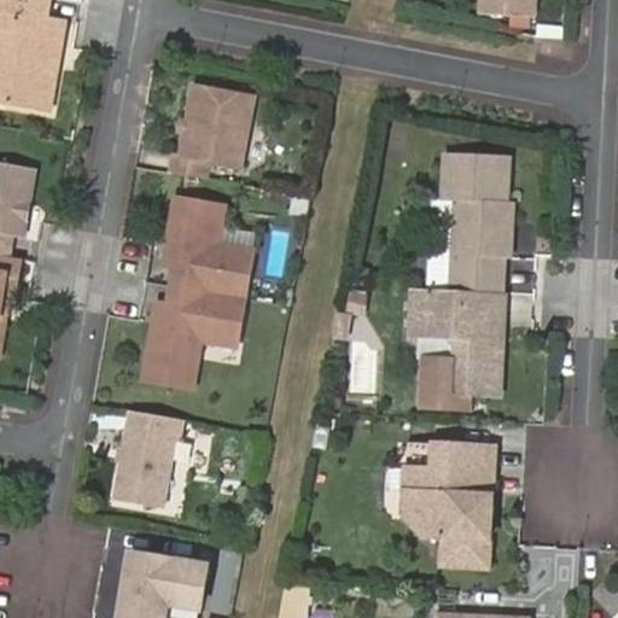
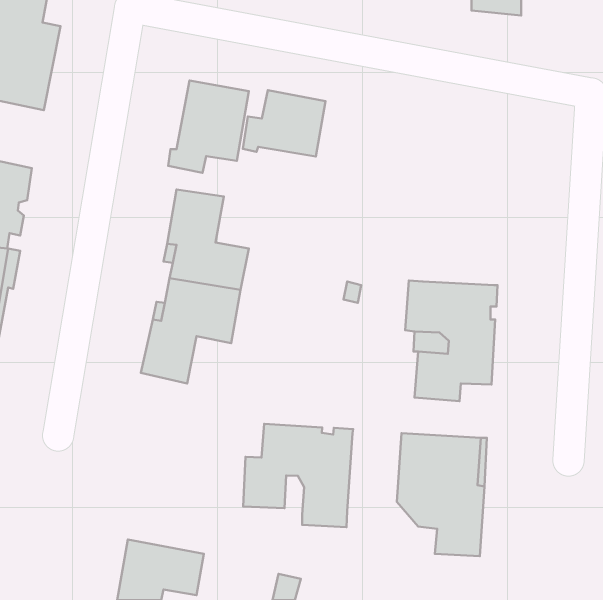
building: none -> [243,90,326,156]
building: [431,153,514,291] -> none
building: [115,409,182,511] -> none
building: none -> [243,424,353,527]

